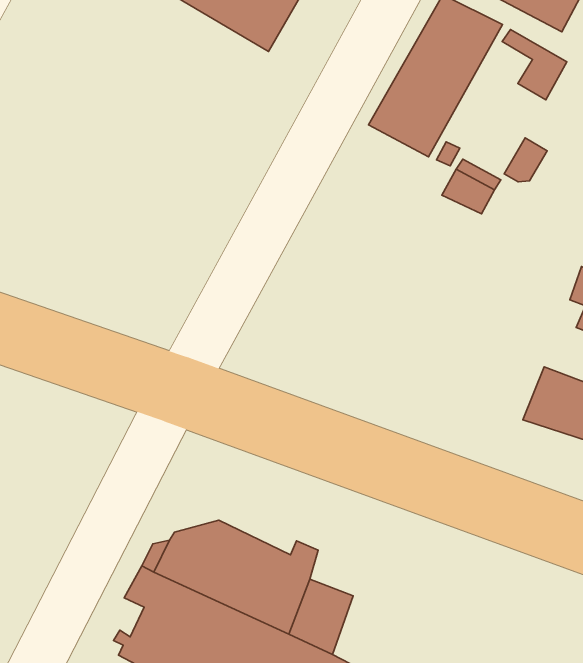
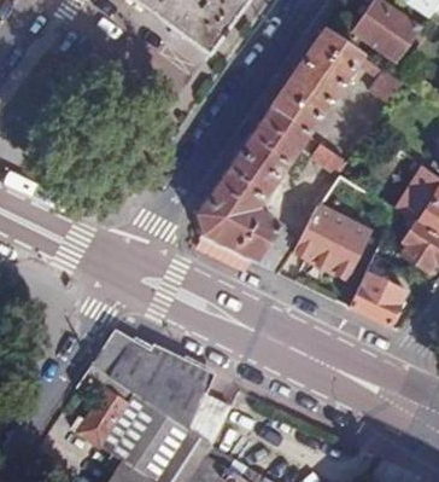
building: none -> [194,109,306,269]
building: none -> [294,204,368,277]

